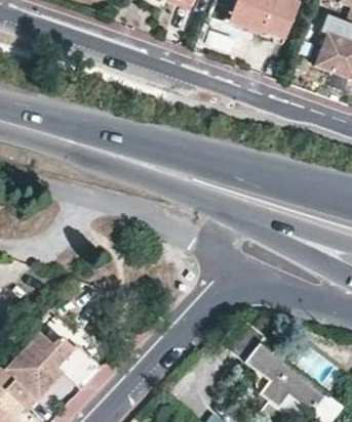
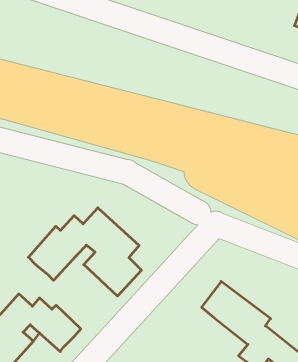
building: none -> [28,208,141,296]

